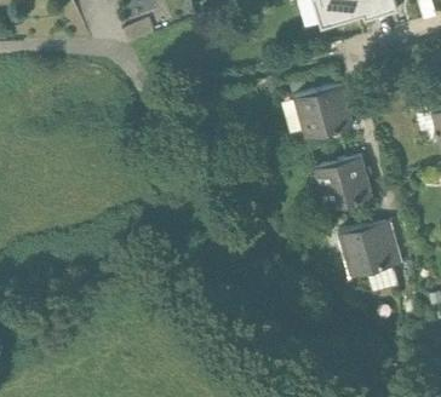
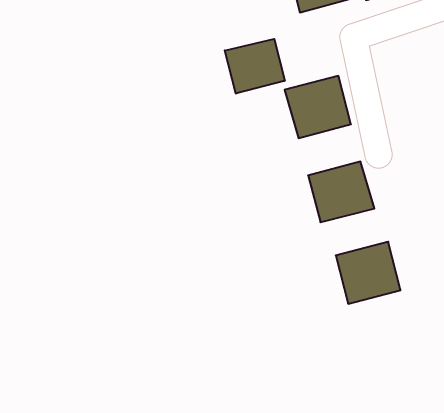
building: none -> [225,39,285,94]

